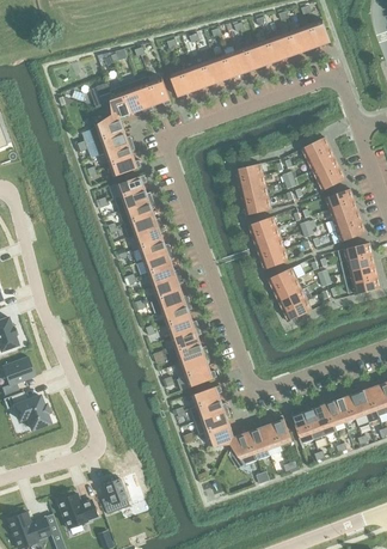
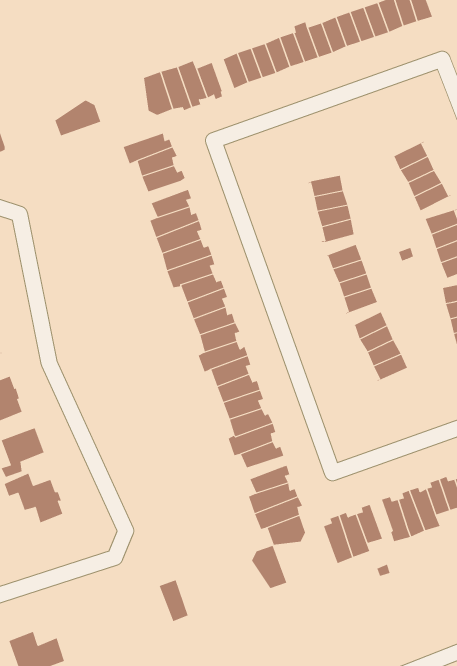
building: [90,115,125,142] -> [54,100,101,136]
building: [231,432,258,465] -> [251,545,287,589]
building: [102,478,129,514] -> none
building: [57,493,97,529] -> none

